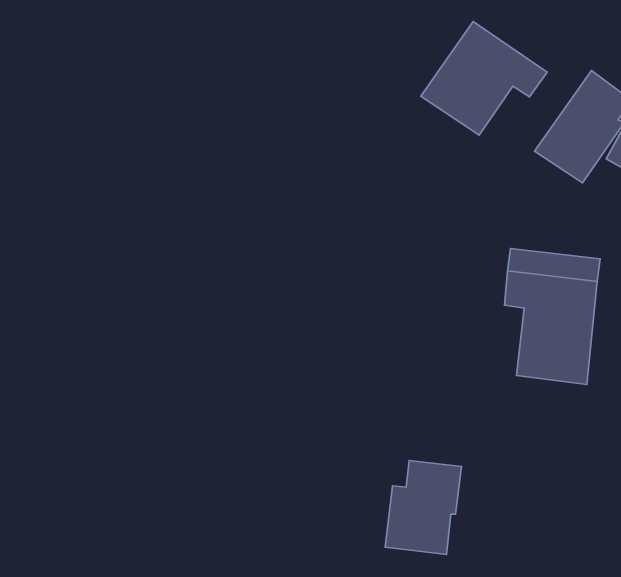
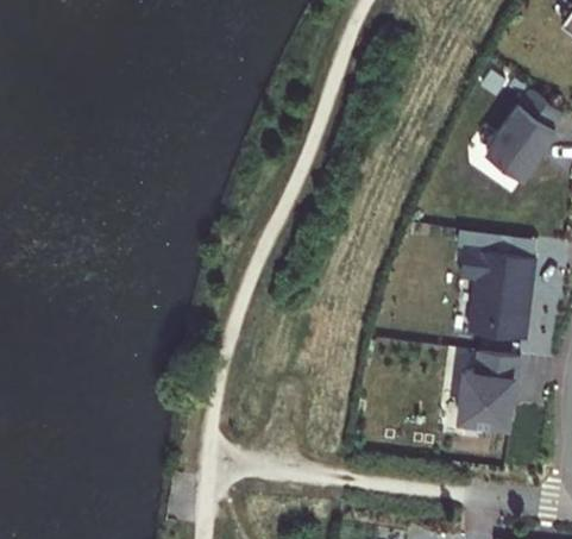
building: [421,22,547,135] -> none
building: [385,460,461,555] -> [459,353,520,428]

